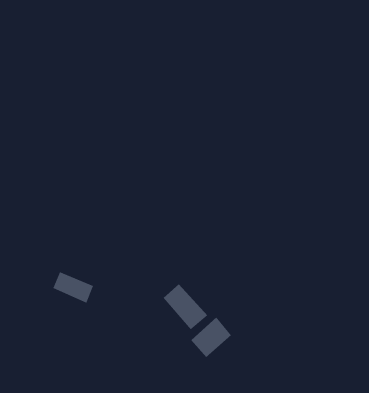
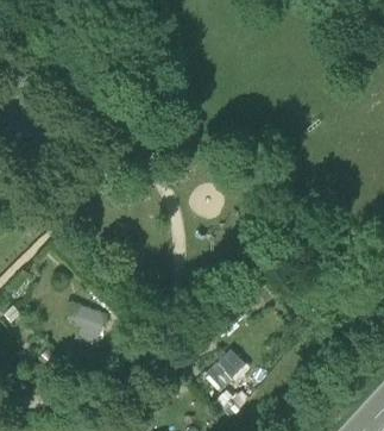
building: [163,284,208,330] -> none

